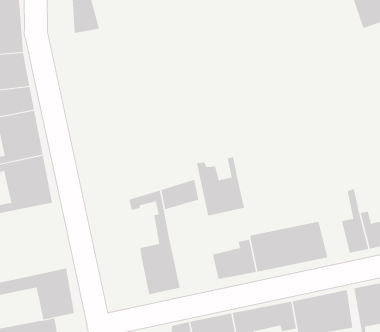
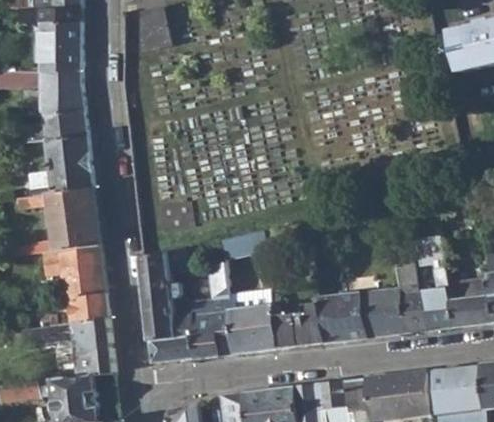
building: [196,157,245,216] -> [228,288,279,353]
building: none -> [395,266,430,332]
building: none -> [140,248,199,364]
building: none -> [57,245,109,325]

